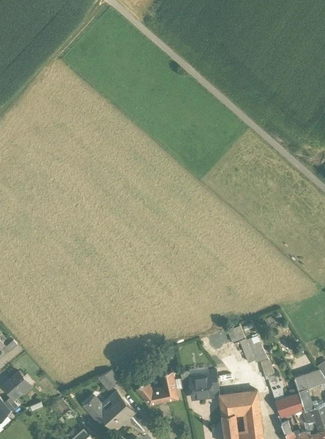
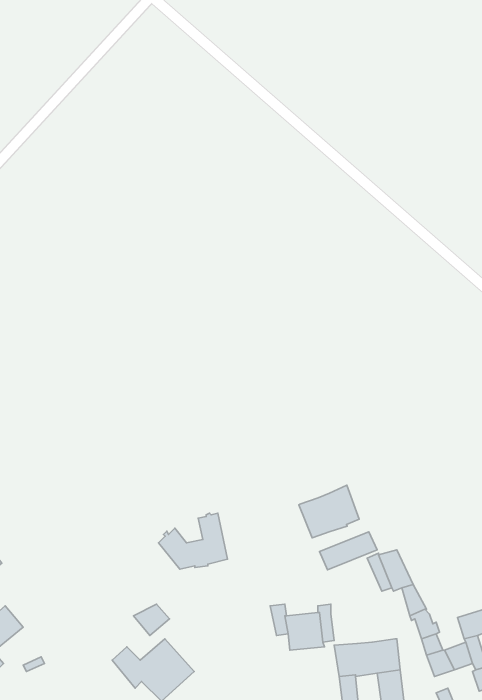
building: none -> [299,485,359,538]
building: [136,371,178,405] -> [159,513,228,569]

